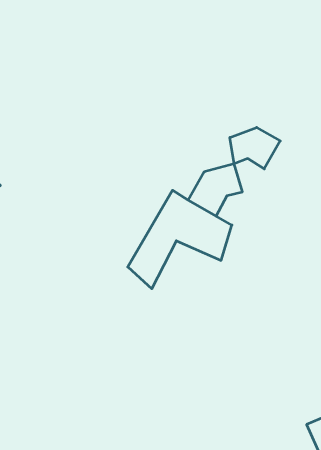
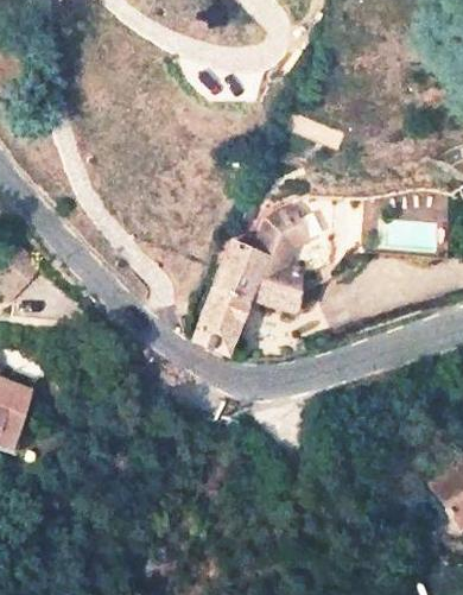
building: [230,127,280,169] -> none

